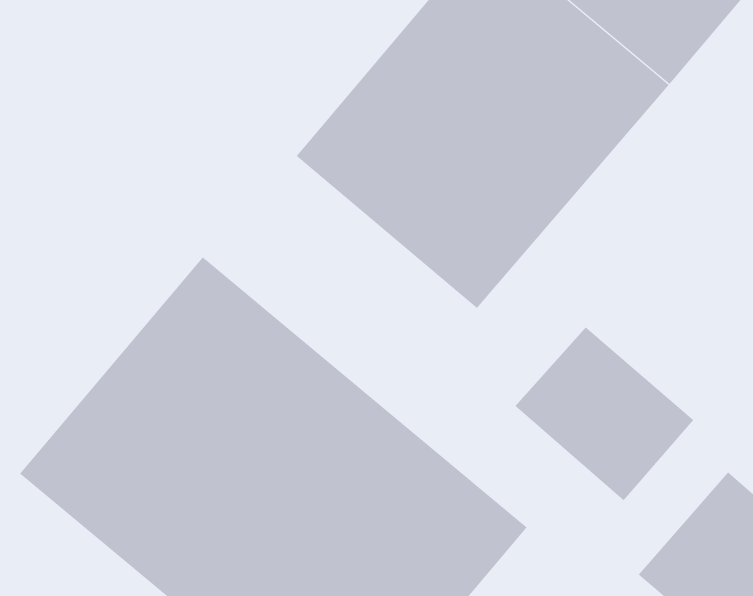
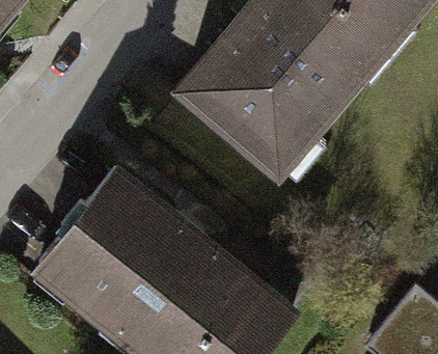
building: [514,327,694,501] -> none

